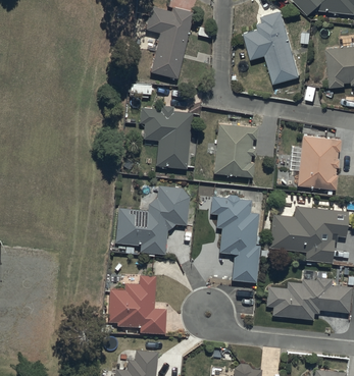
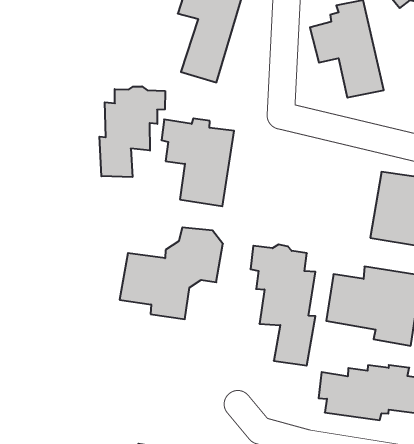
building: none -> [99,86,165,177]
building: [213,124,257,177] -> none
building: [107,275,166,333] -> none

